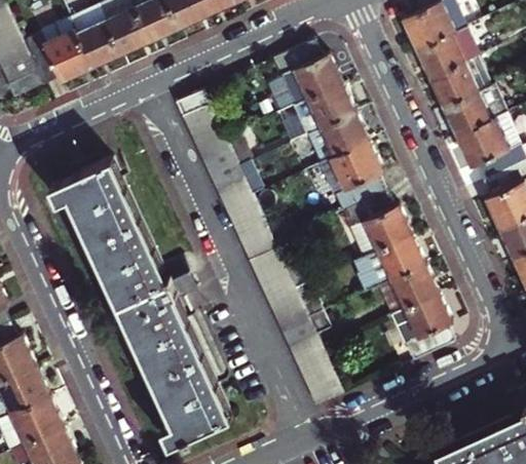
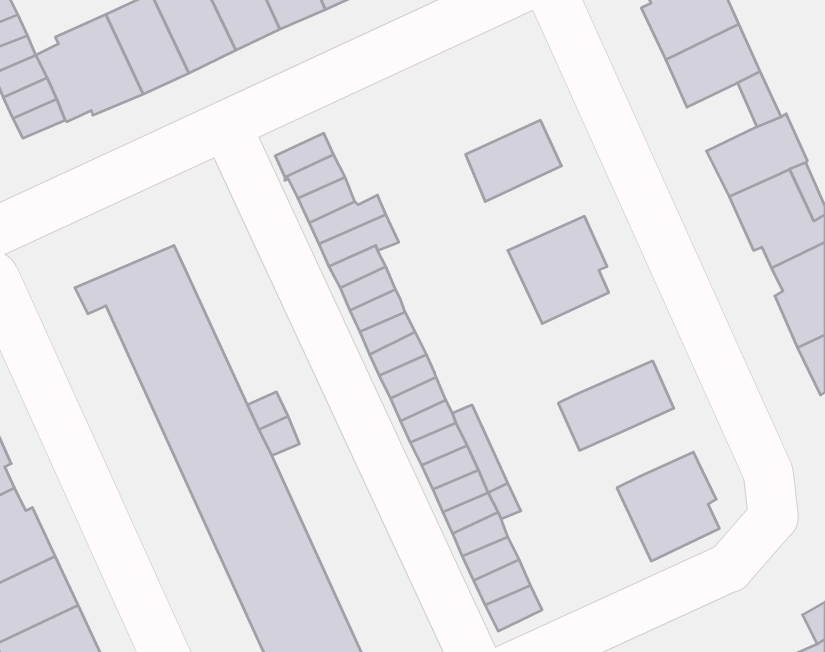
building: [272,44,341,109] -> none
building: [434,64,478,107] -> none
building: [306,116,369,169] -> none
building: [342,196,412,261] -> none
building: [377,269,438,319] -> none

